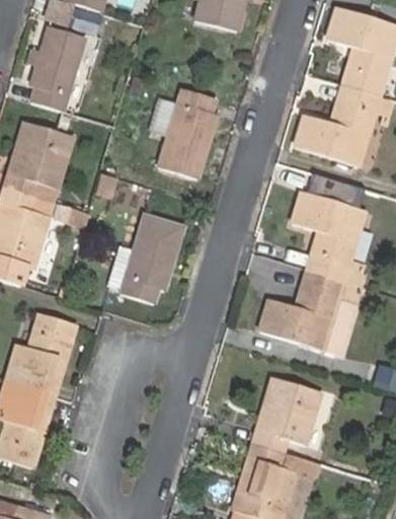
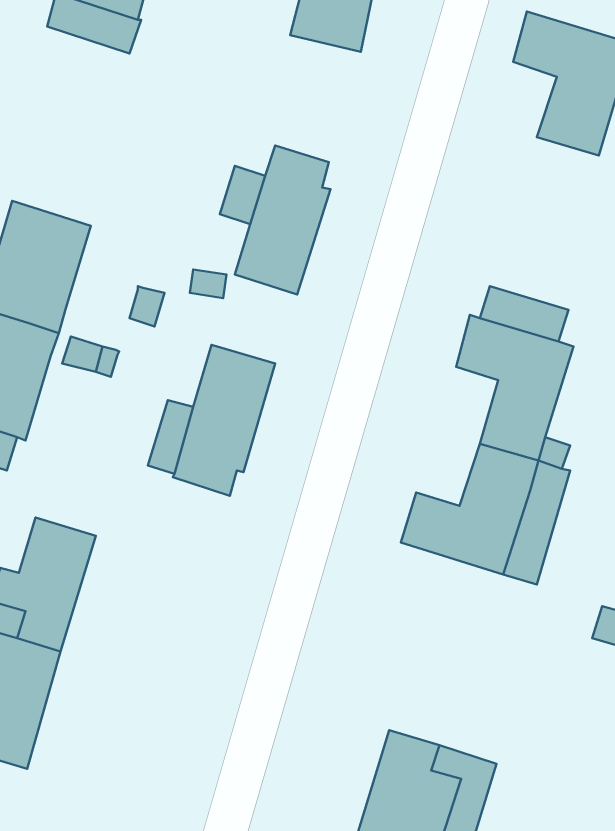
building: [30,26,86,114] -> none
building: [295,84,379,164] -> none
building: [252,378,320,452] -> none

